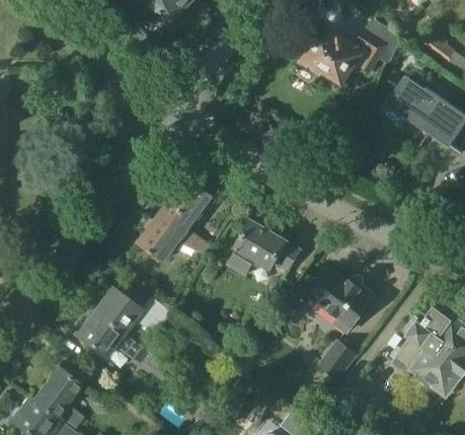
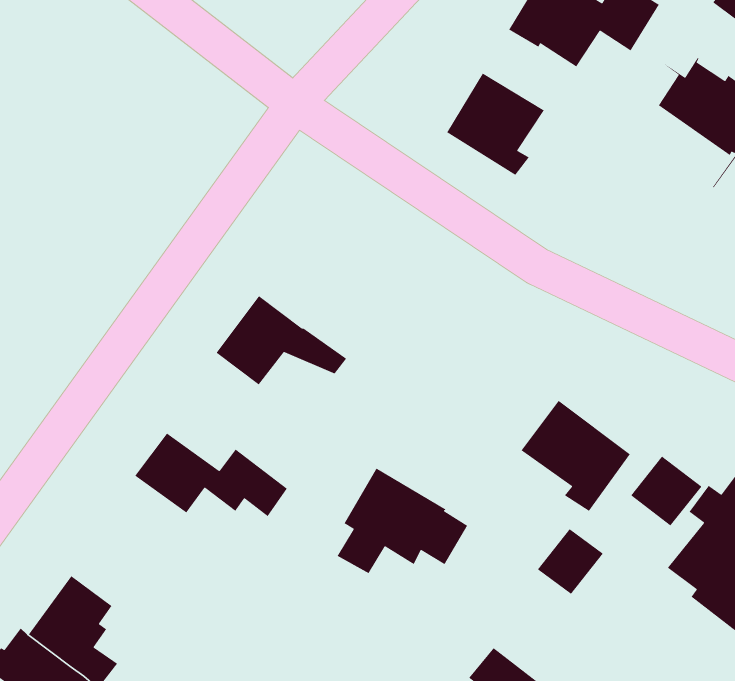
building: none -> [446,72,545,176]
building: [162,177,211,228] -> none
building: [228,220,302,280] -> [336,468,468,574]
building: none -> [630,456,703,526]
building: [75,311,160,370] -> none

